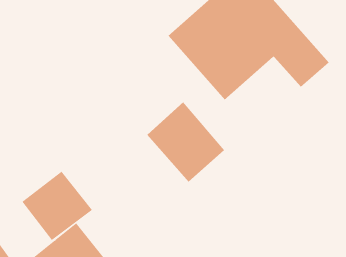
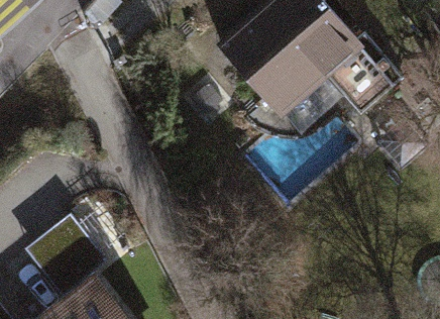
building: [147,101,225,183] -> none

